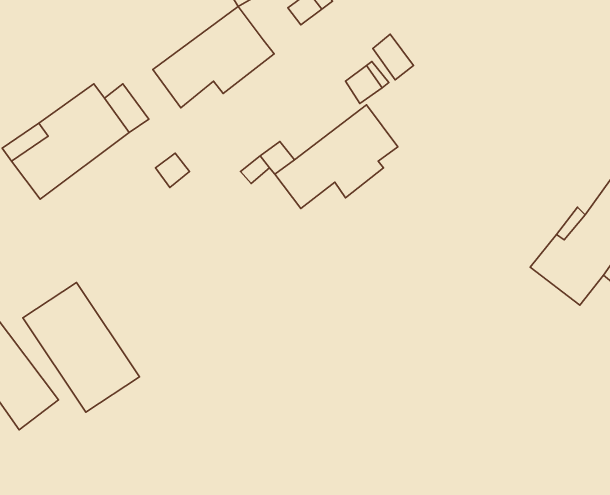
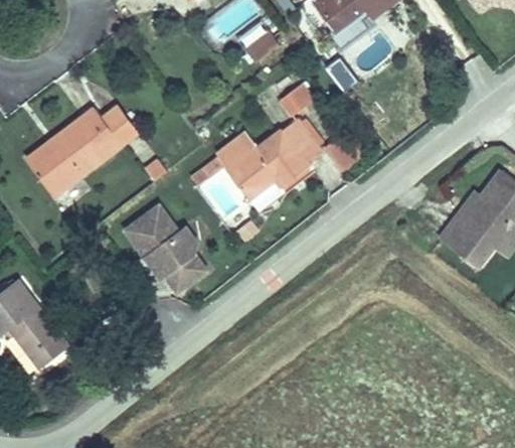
building: [153,7,274,108] -> none
building: [23,282,139,412] -> [110,204,199,304]

